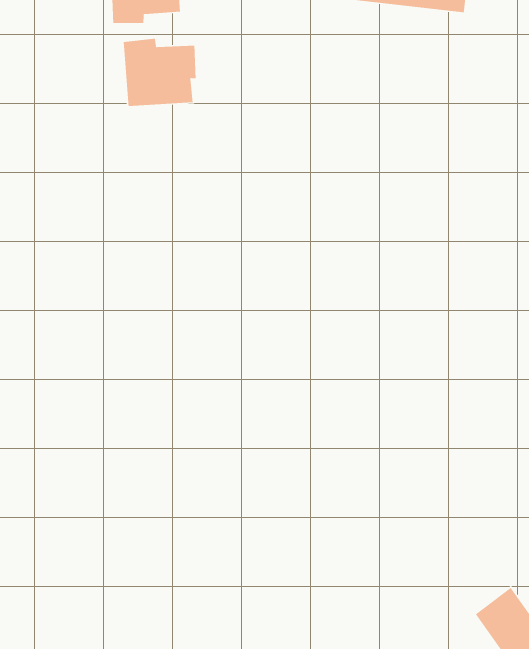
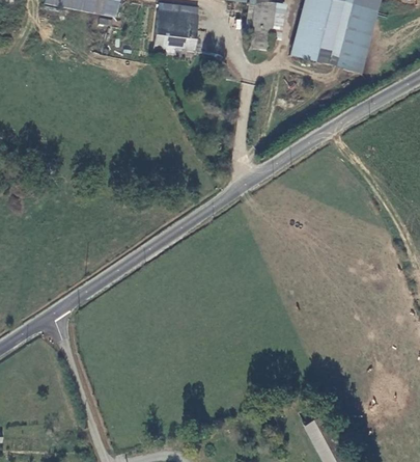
building: [123,38,197,107] -> none

